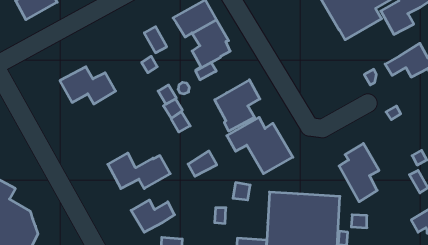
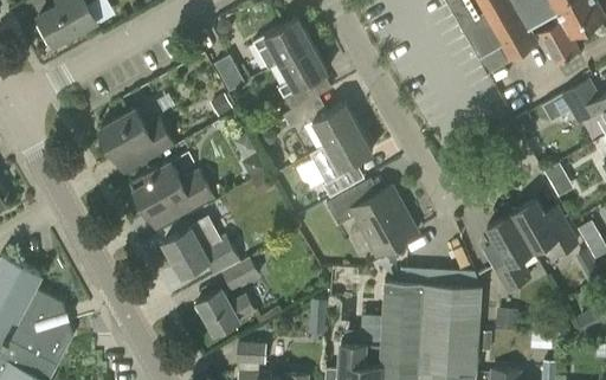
building: none -> [314,104,357,146]
building: none -> [130,163,212,218]
building: none -> [512,200,580,260]
building: [188,151,217,176] -> [221,257,260,291]

